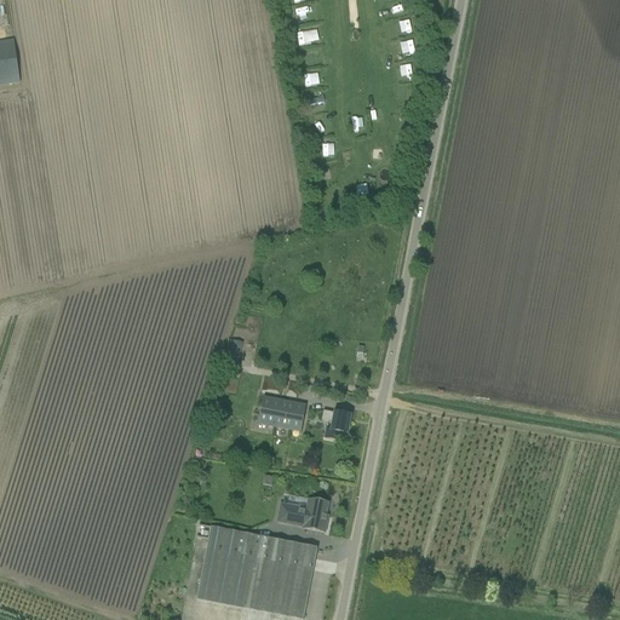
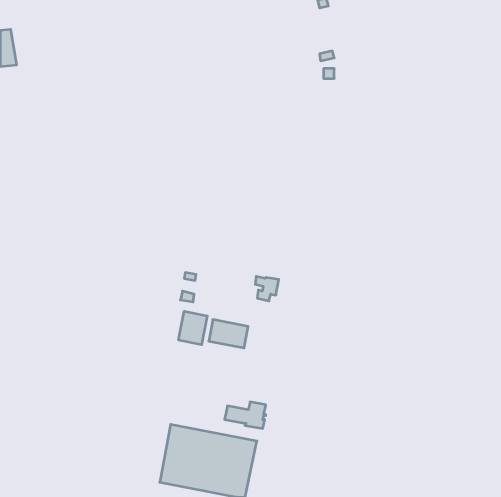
building: none -> [179,311,207,345]
building: [322,408,351,438] -> [255,276,279,301]

